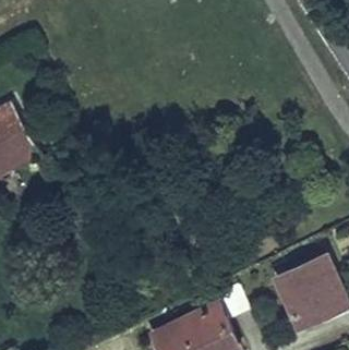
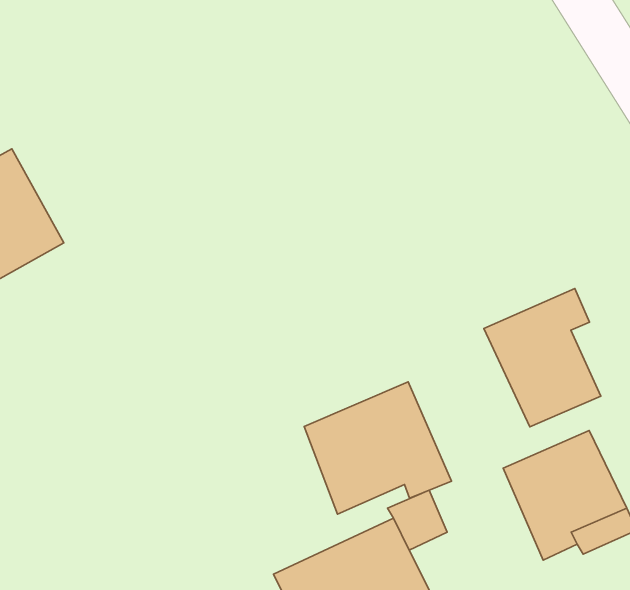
building: none -> [484,288,601,427]
building: none -> [304,382,452,514]

